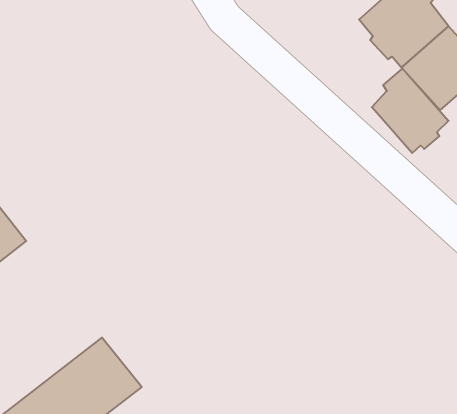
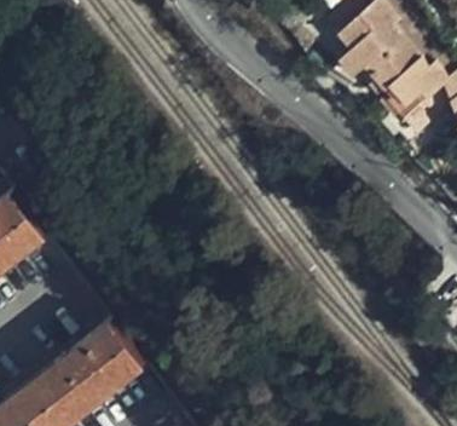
building: [372,69,449,153] -> none

